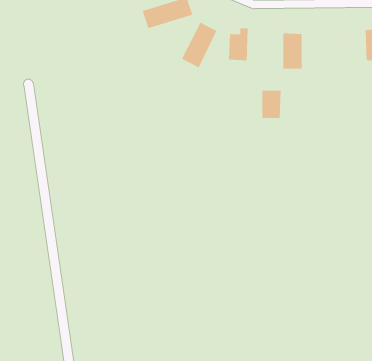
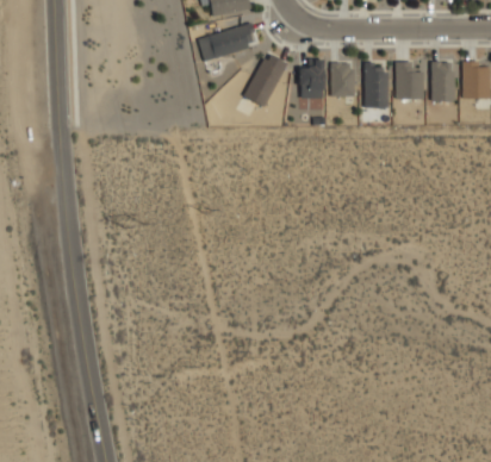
building: none -> [396,62,422,99]
building: none -> [431,62,455,101]
building: [261,90,282,118] -> [331,63,355,96]

